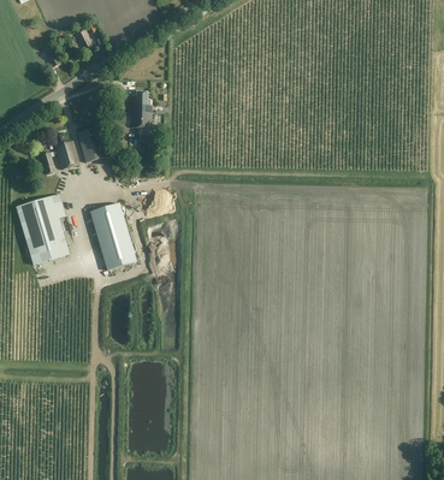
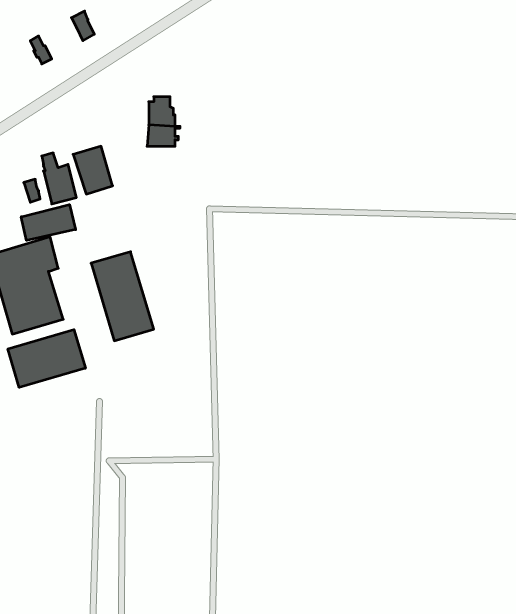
building: none -> [21,205,76,240]
building: none -> [8,330,85,387]

